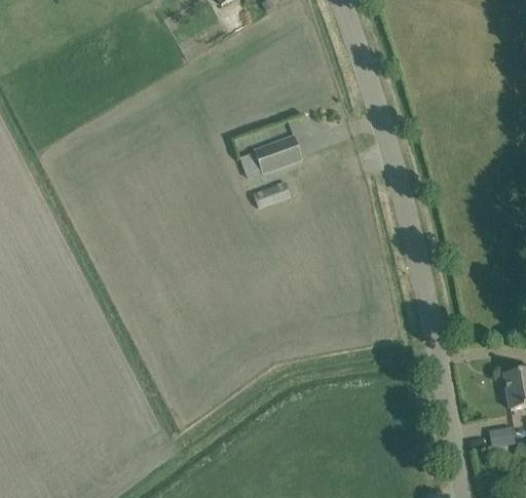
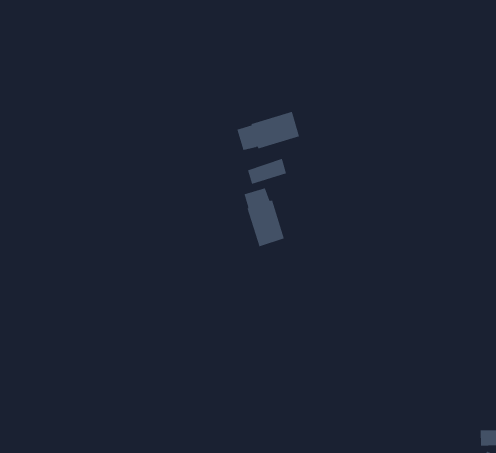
building: none -> [244,187,285,247]

